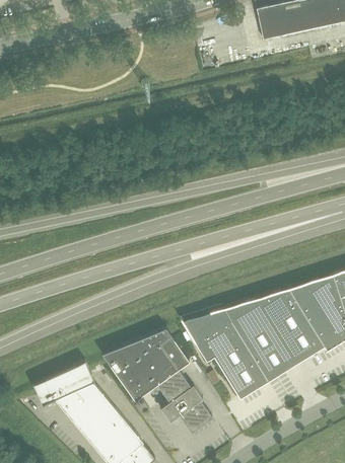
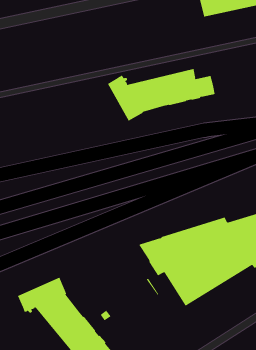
building: none -> [107,68,216,122]
building: [101,328,212,433] -> none

